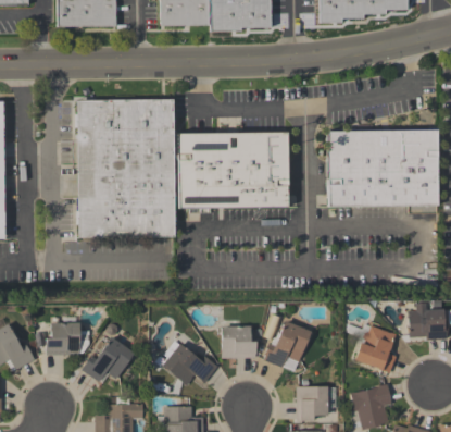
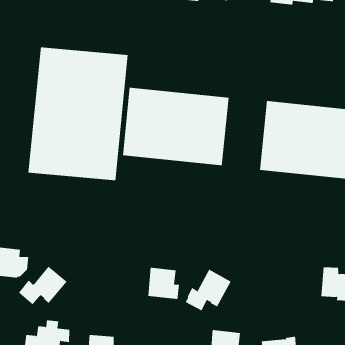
building: [354,324,396,371] -> none
building: [154,340,217,386] -> none

